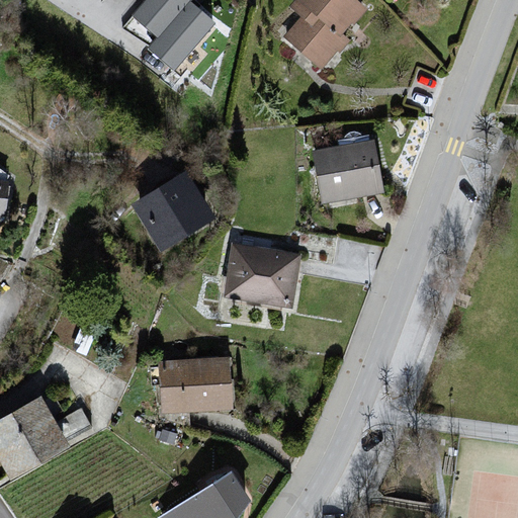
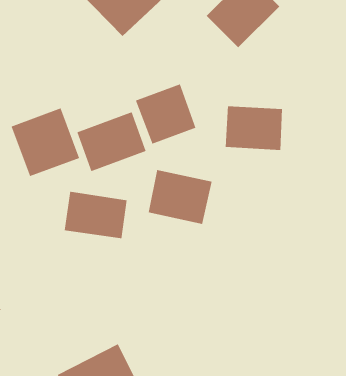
building: none -> [135,84,196,144]
building: none -> [11,108,80,177]
building: [162,357,234,406] -> [64,191,128,239]

